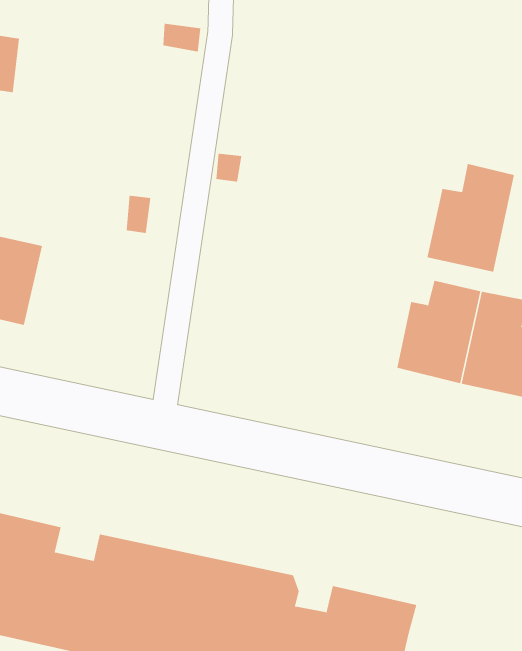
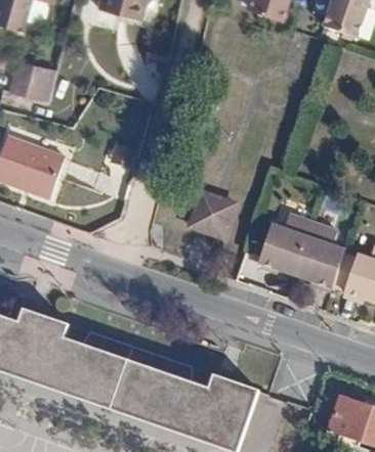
building: [427,163,515,272] -> none
building: none -> [185,189,240,245]

